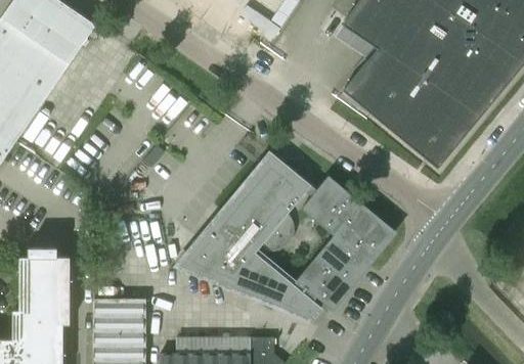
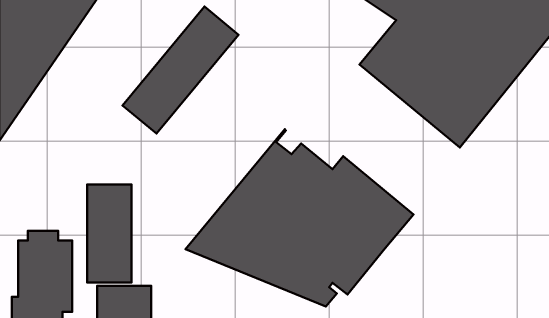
building: none -> [123,6,238,134]
building: none -> [87,184,132,282]

